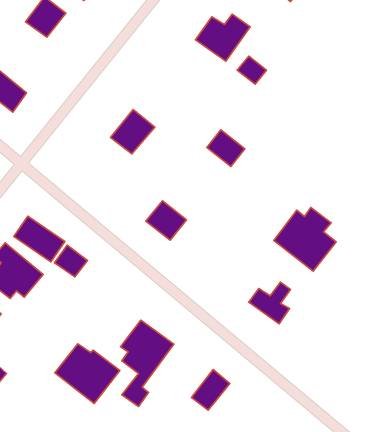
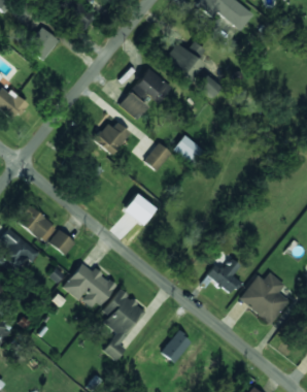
building: none -> [120,68,173,119]
building: none -> [144,142,172,171]
building: [274,208,336,271] -> [240,272,291,324]
building: [55,344,120,403] -> [64,263,116,312]

